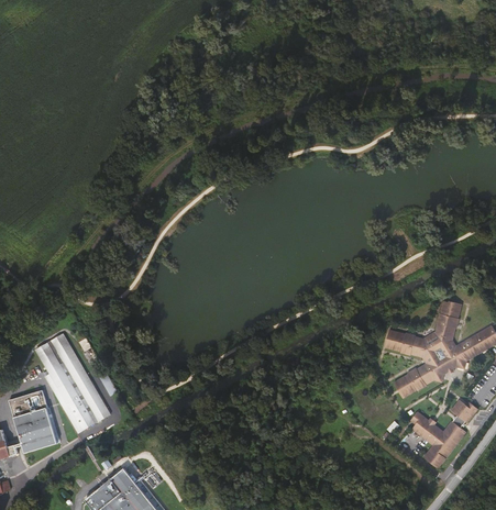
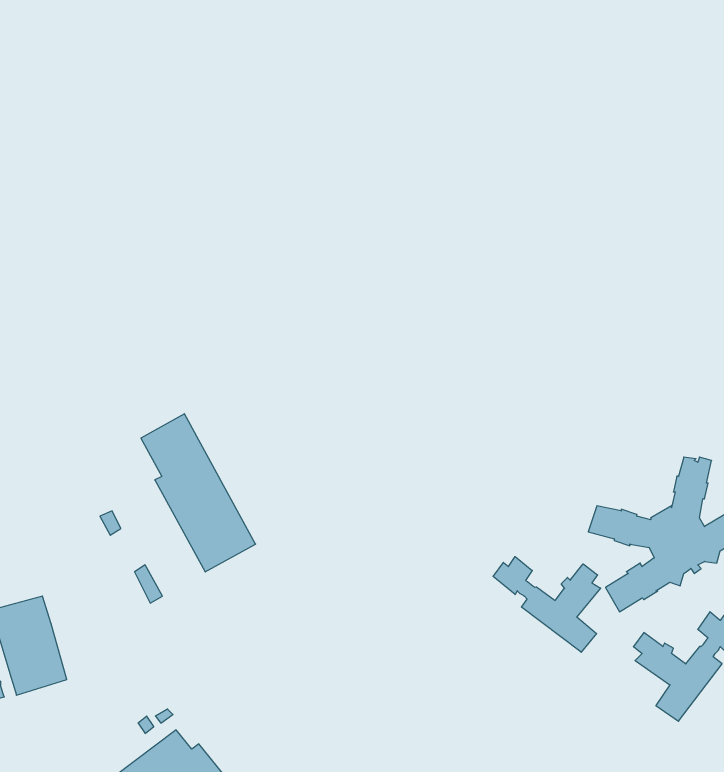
building: [34,332,107,432] -> [141,414,256,572]
building: none -> [493,557,601,652]

